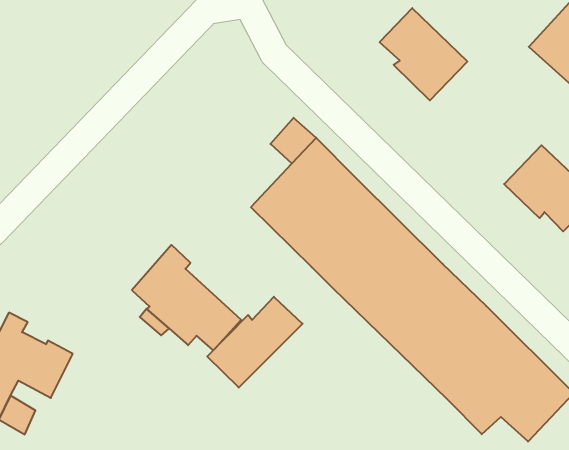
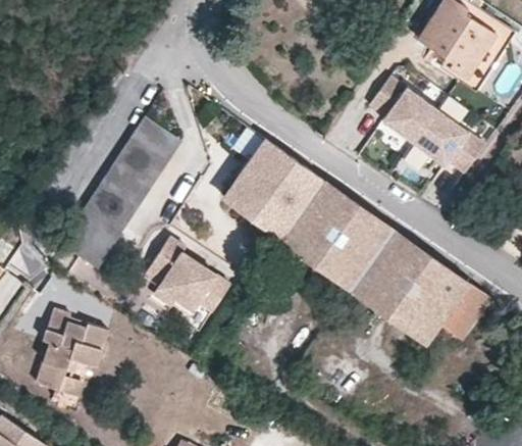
building: [380,8,467,100] -> [368,83,436,150]
building: none -> [61,116,179,265]
building: [207,297,303,388] -> none

